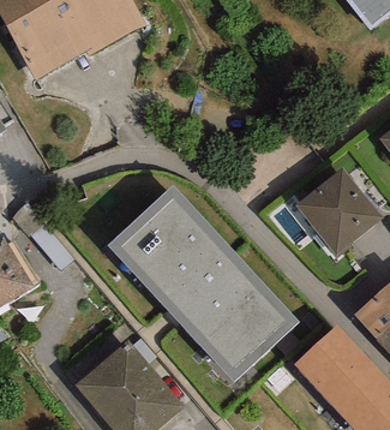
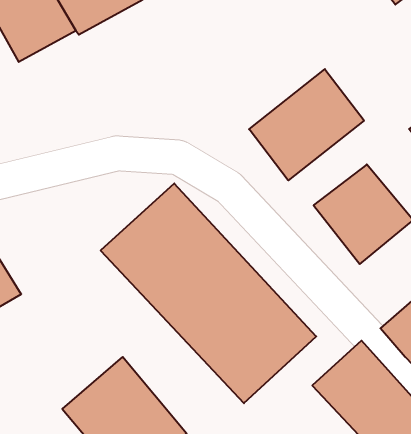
building: none -> [249,69,364,180]

